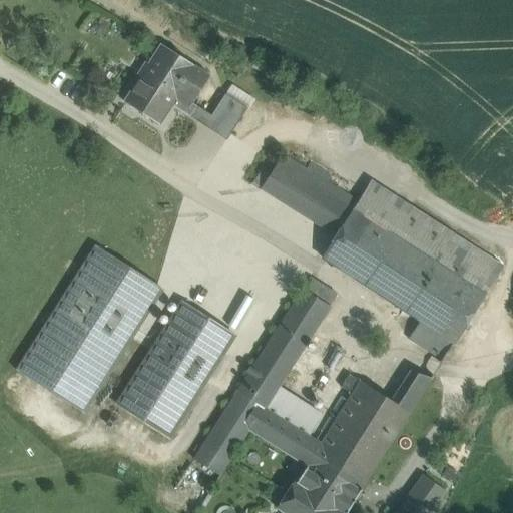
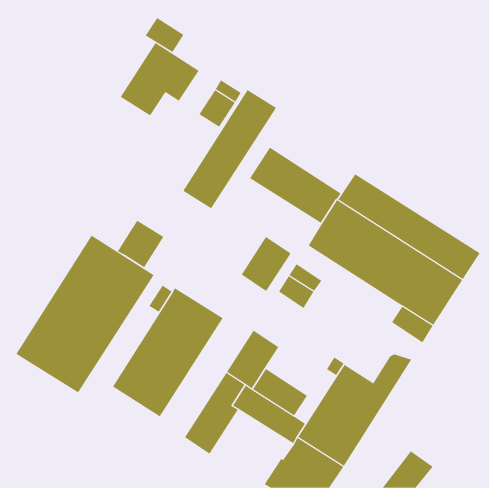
building: none -> [145,17,184,53]
building: none -> [182,89,277,209]
building: none -> [117,220,164,268]
building: [266,305,319,363] -> [241,236,292,292]

